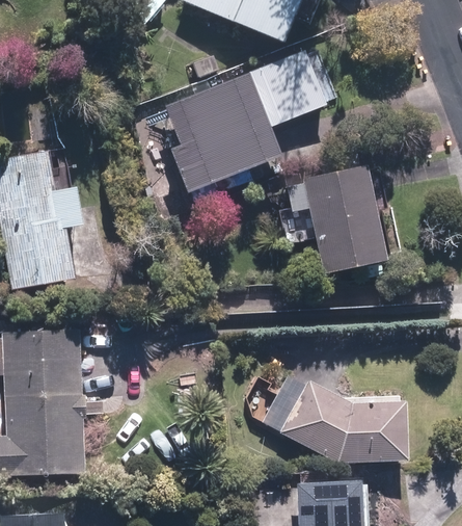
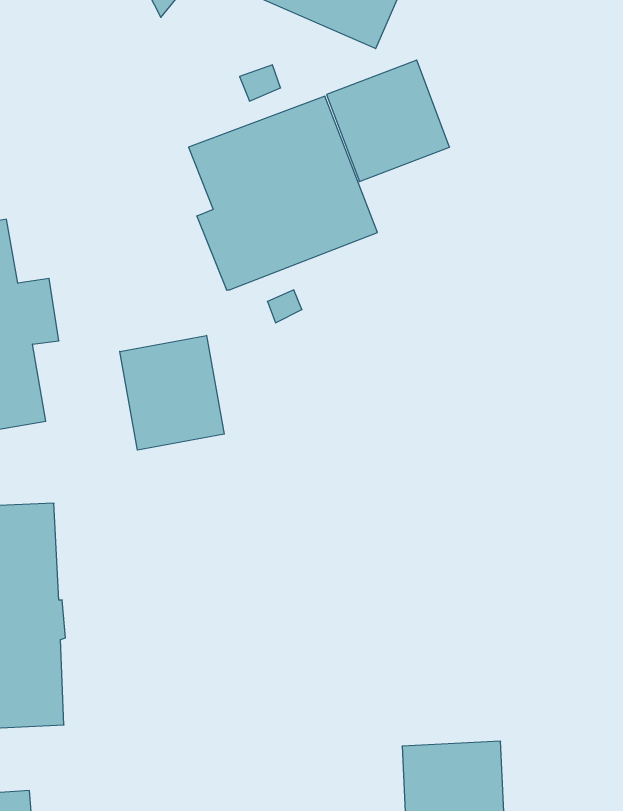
building: [288,165,387,273] -> none
building: none -> [120,335,224,450]
building: [265,373,408,462] -> none

